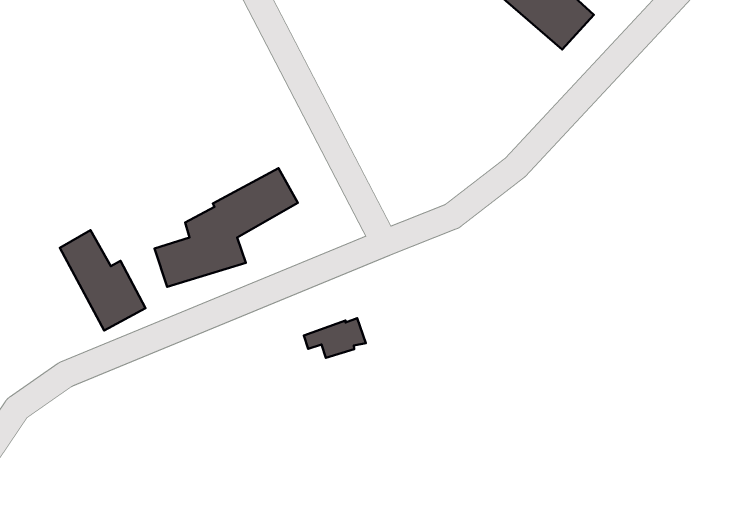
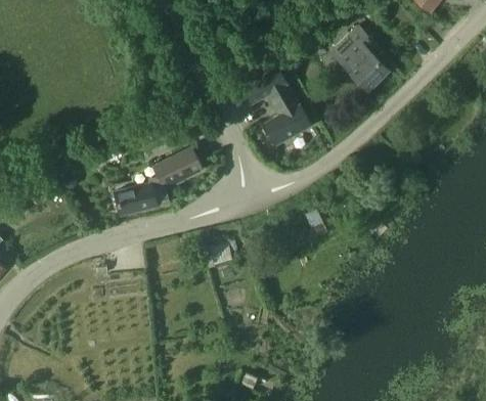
building: none -> [240,68,310,143]
building: [60,230,146,330] -> none

